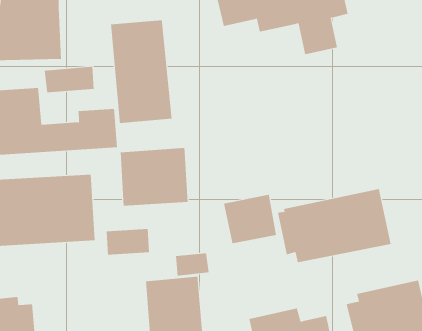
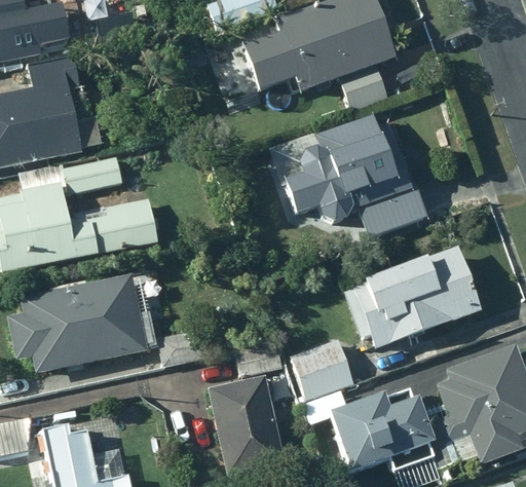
building: [111,19,172,124] -> none
building: none -> [285,119,423,221]
building: [120,147,188,206] -> none
building: [223,194,277,244] -> [289,338,353,400]

